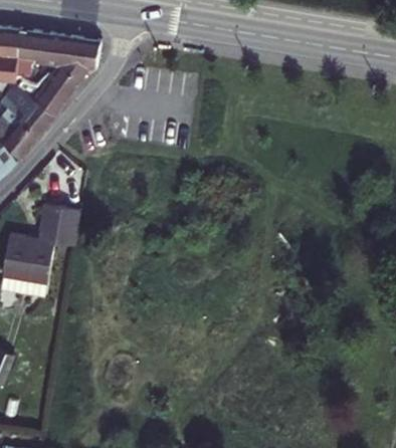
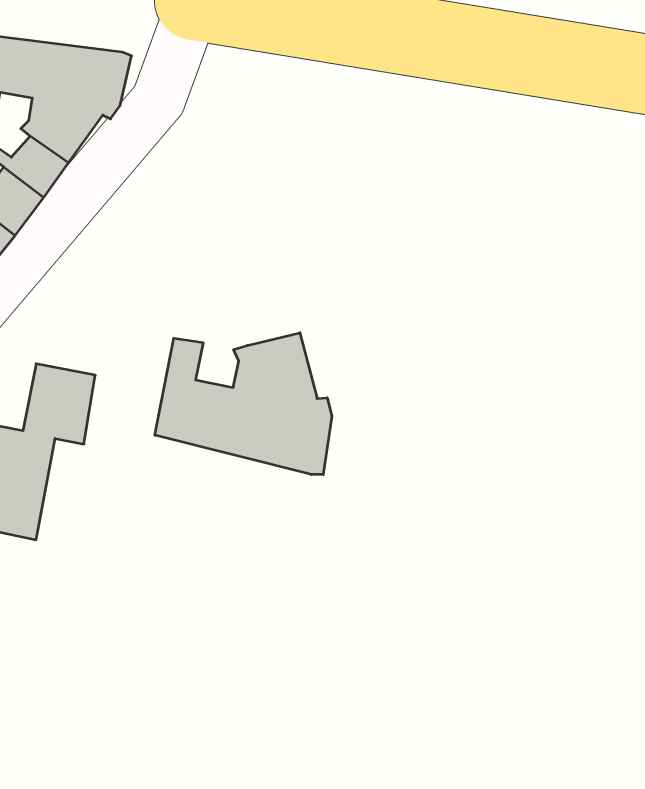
building: none -> [155,333,332,475]

